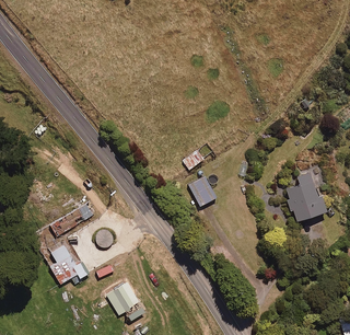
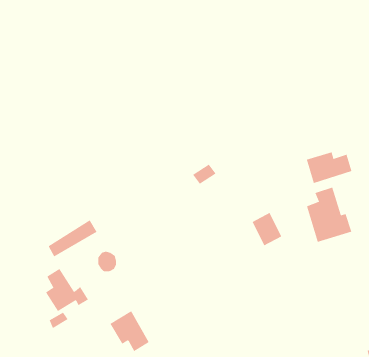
building: none -> [306,151,352,184]
building: [188,175,215,206] -> [252,212,282,246]

